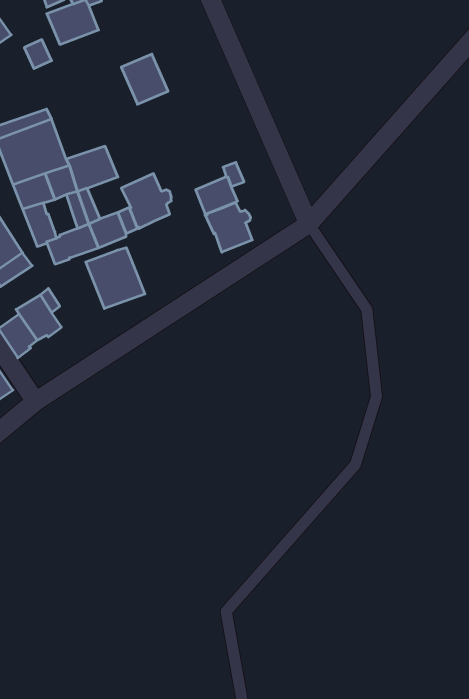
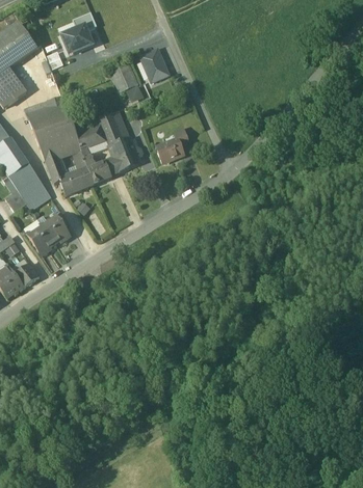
building: none -> [140,49,168,82]
building: none -> [98,110,129,146]
building: [205,203,252,252] -> none
building: [86,248,145,309] -> none

